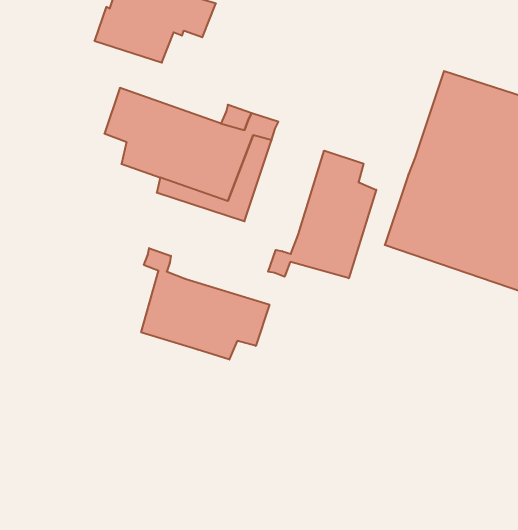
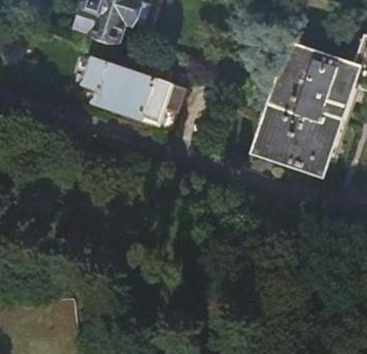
building: [268,151,376,278] -> none
building: [141,248,269,360] -> none

